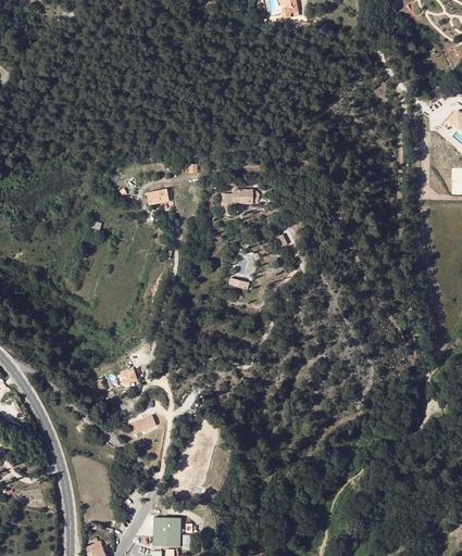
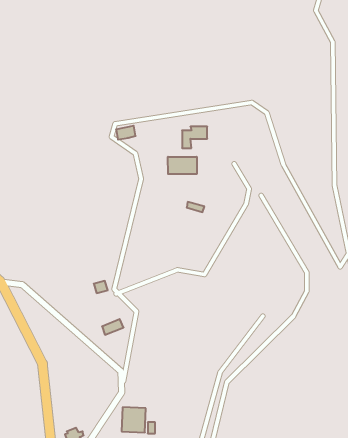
building: none -> [168,157,197,174]

